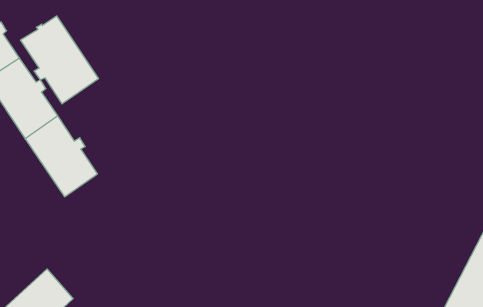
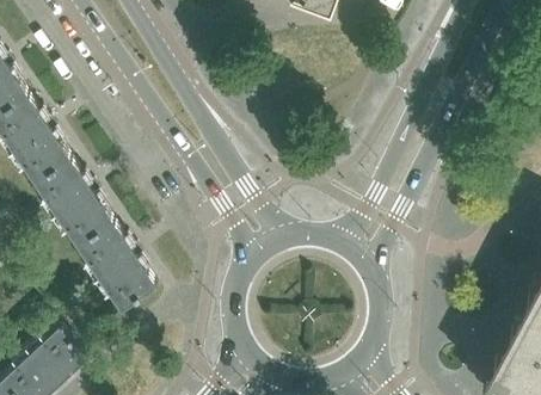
building: [21,16,99,104] -> none
building: none -> [78,227,158,316]

